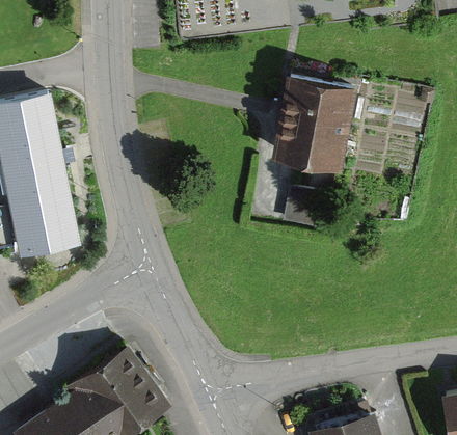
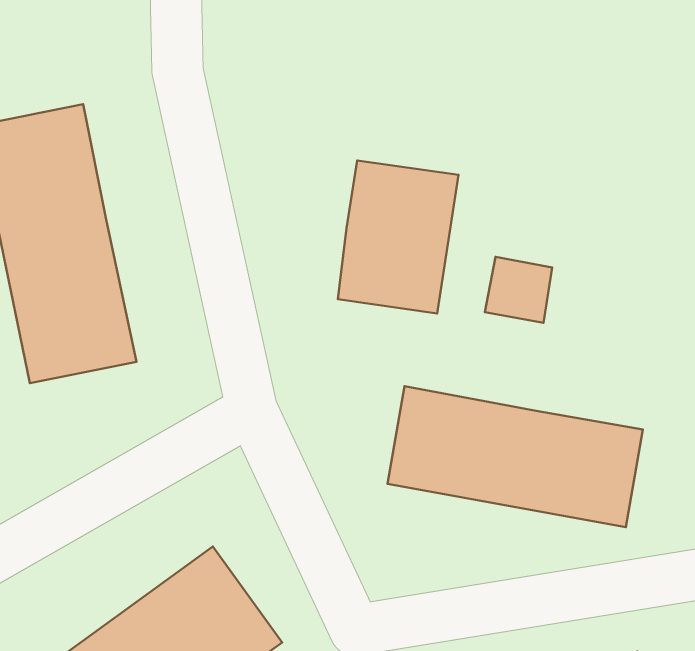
building: [275,85,346,174] -> [338,161,459,313]
building: none -> [388,386,643,527]

